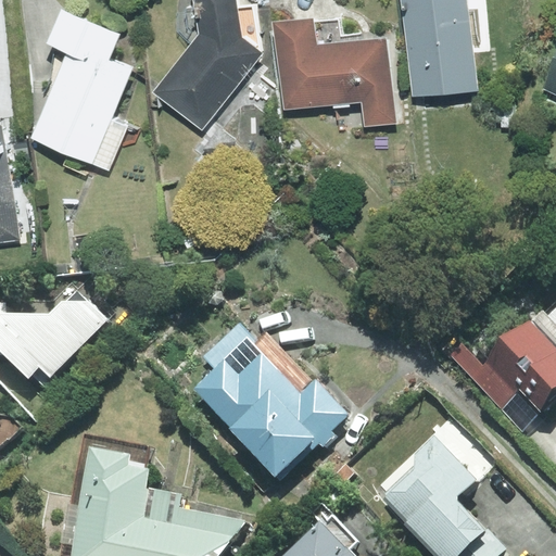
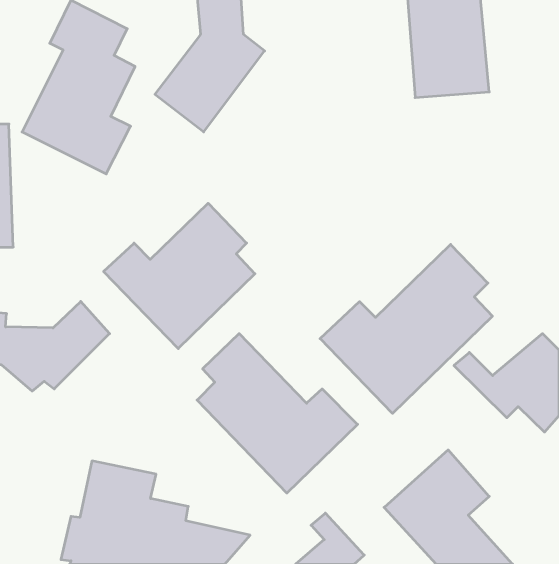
building: [275,15,395,126] -> none
building: none -> [104,203,255,349]
building: none -> [320,244,492,413]

